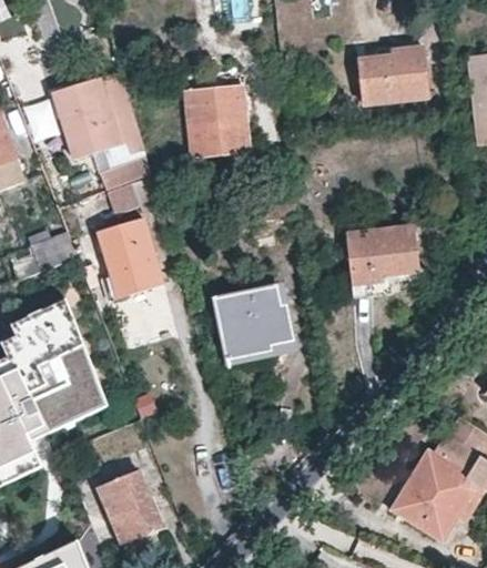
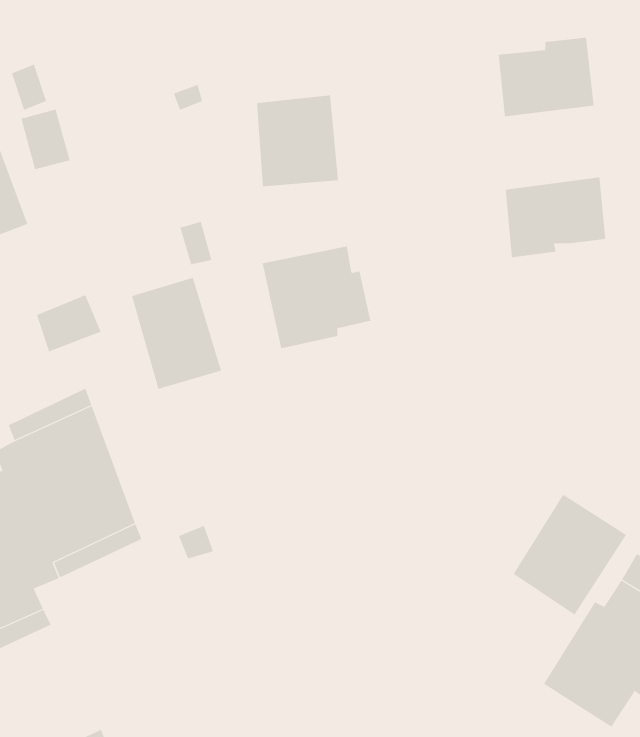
building: [53,74,150,191] -> none
building: [345,226,417,284] -> [505,177,606,258]
building: [214,286,292,359] -> [262,246,371,349]
building: none -> [513,494,627,615]
building: [99,473,160,541] -> none

